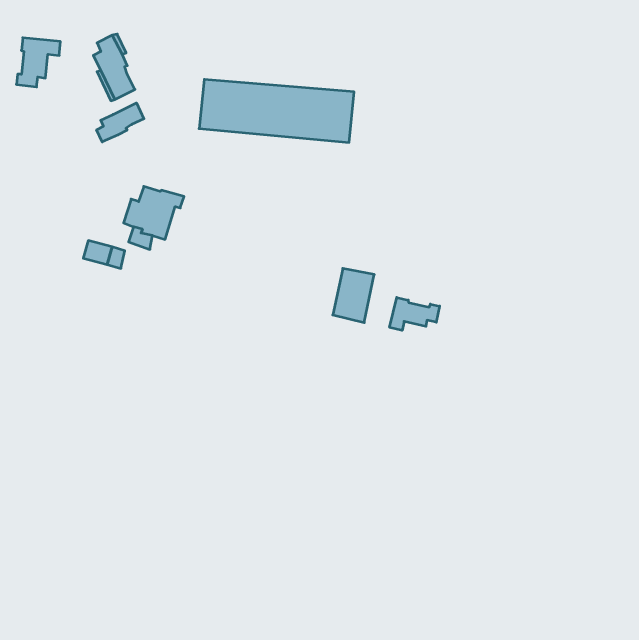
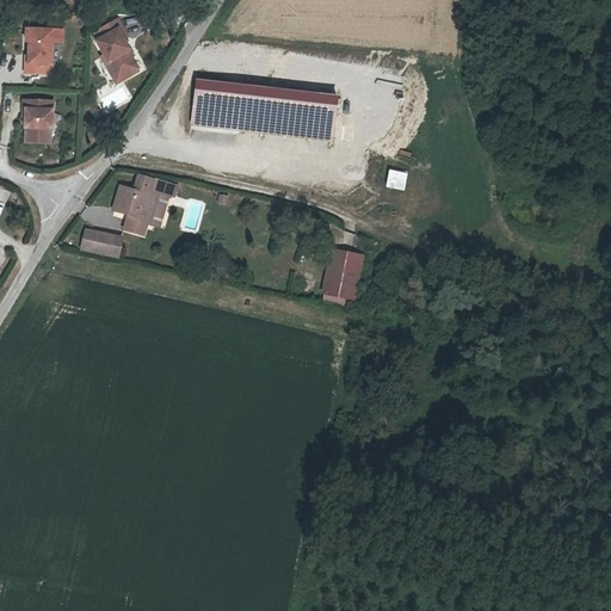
building: [97,103,144,142] -> none
building: none -> [16,106,47,137]
building: [390,297,440,330] -> none

